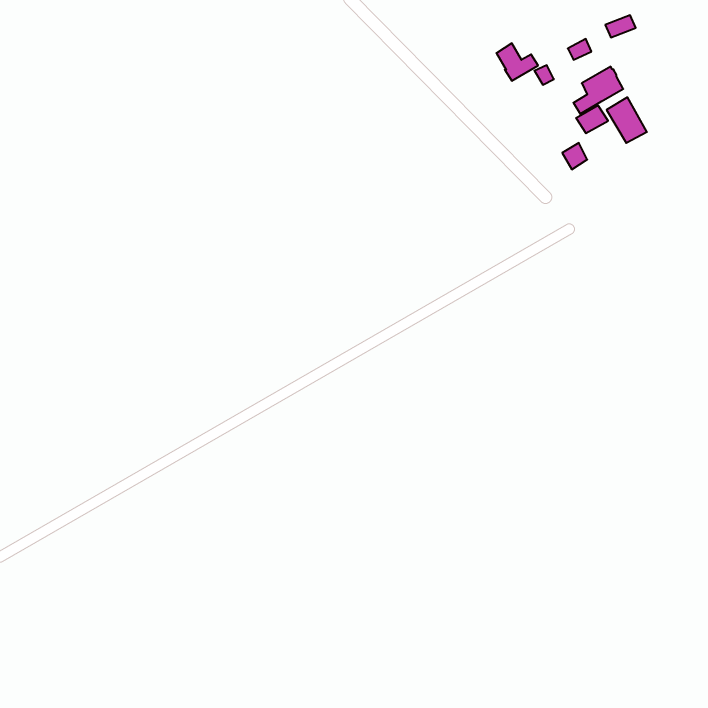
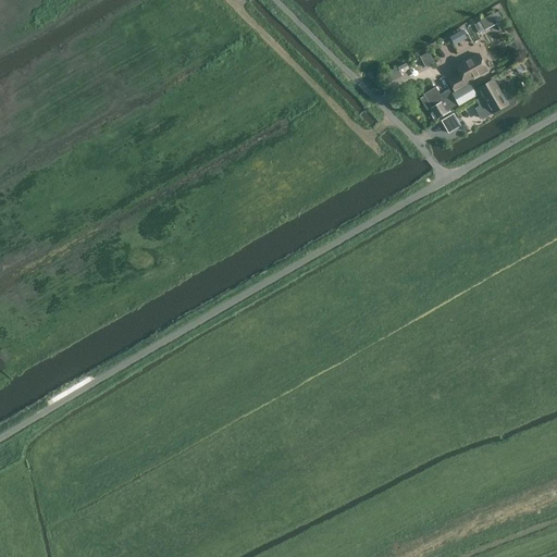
building: [496,43,538,81] -> [425,86,458,115]

